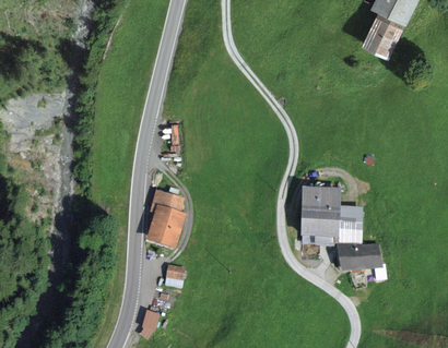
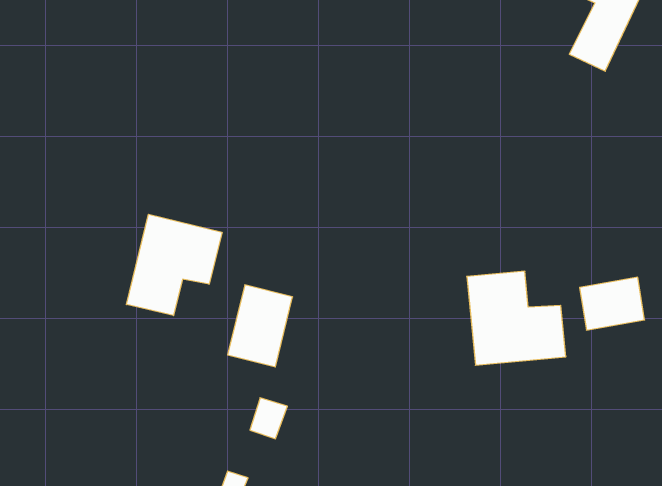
building: none -> [126,214,222,316]
building: [339,240,380,274] -> [580,277,645,330]

